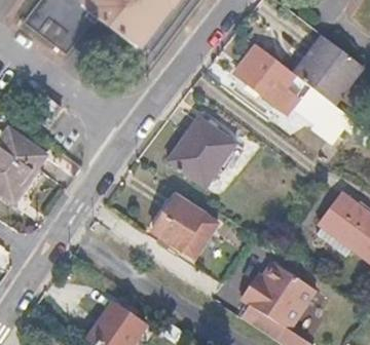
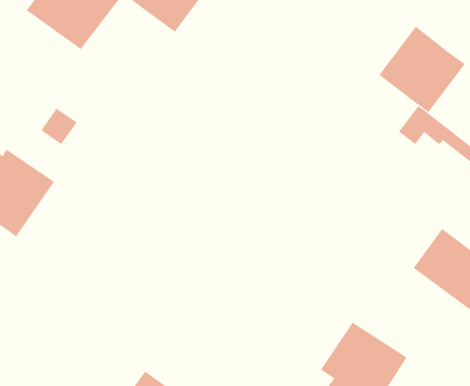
building: [235,44,297,113] -> none
building: [169,118,235,187] -> none
building: [154,197,219,261] -> none

